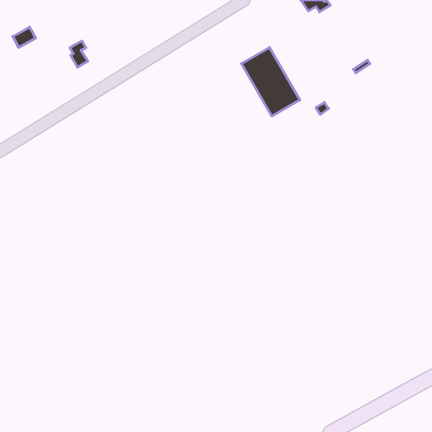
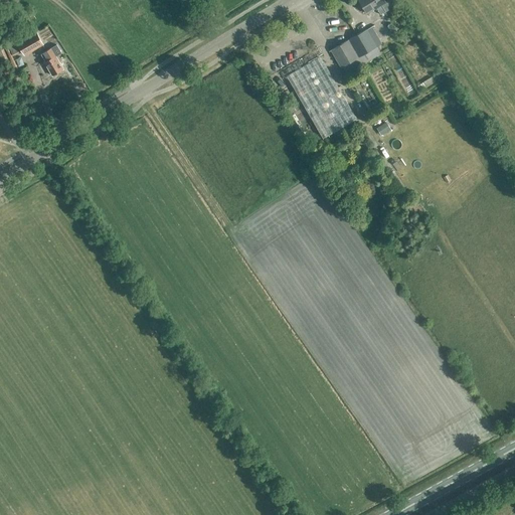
building: none -> [330,27,378,68]
building: [70,41,88,67] -> [42,45,63,76]

